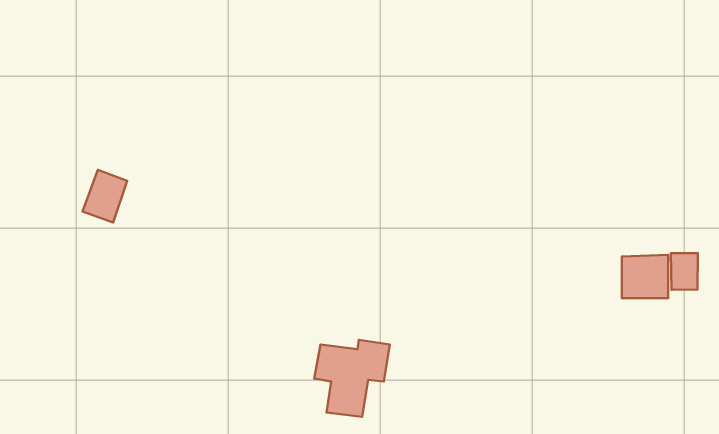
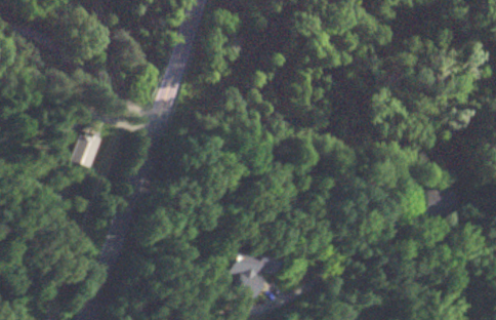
building: [671,253,698,290] -> none

